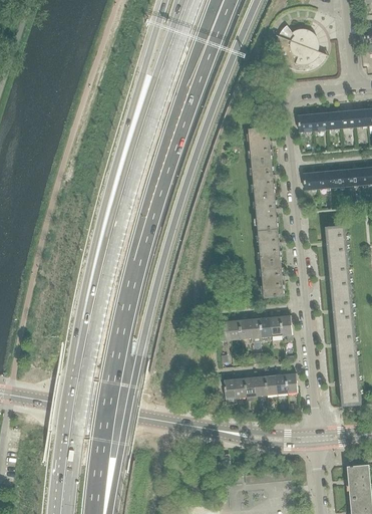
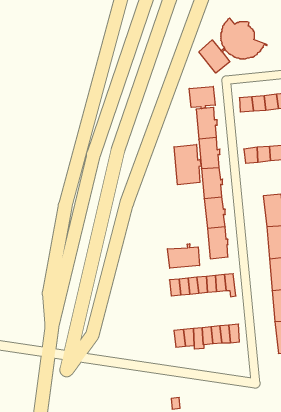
building: none -> [199,40,230,73]
building: none -> [189,86,215,109]
building: none -> [174,144,201,185]
building: none -> [167,244,199,268]

